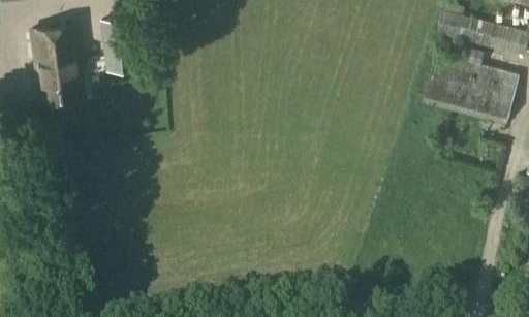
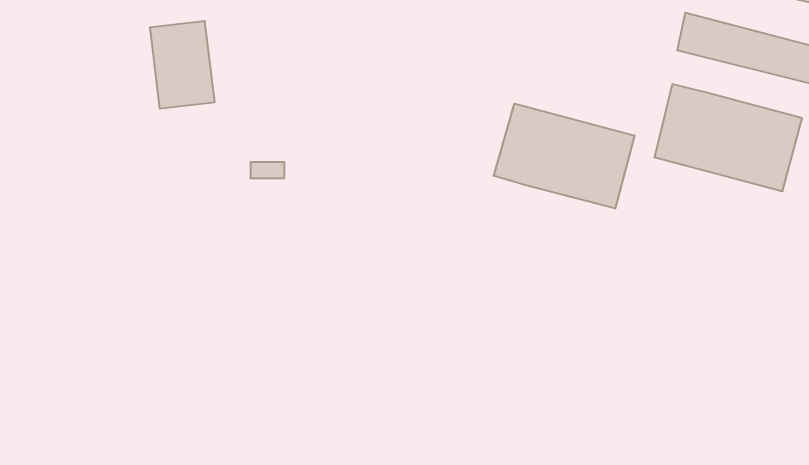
building: [33,22,100,103] -> none
building: none -> [494,104,635,209]

